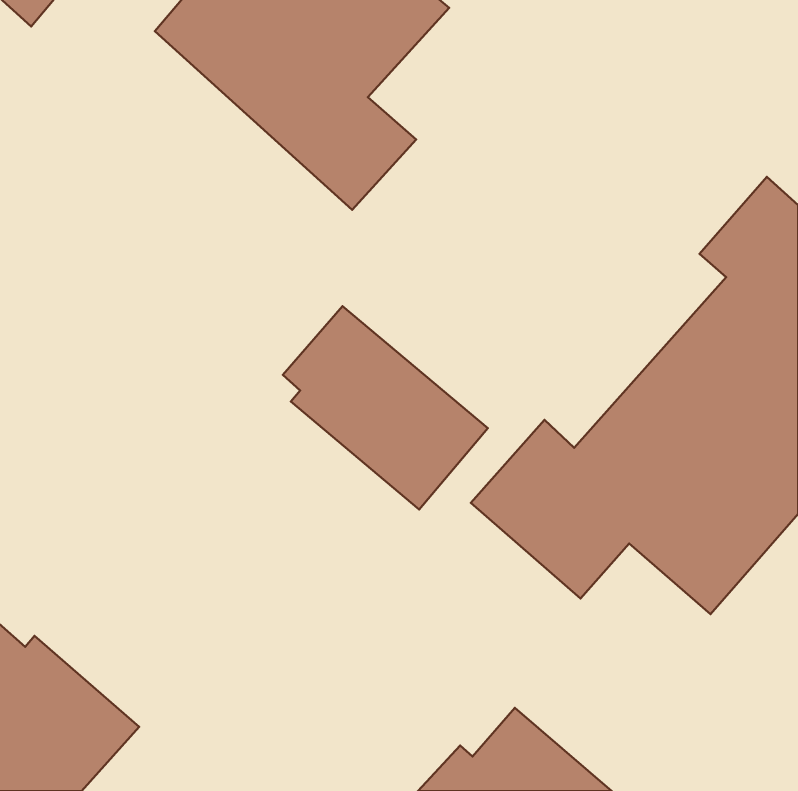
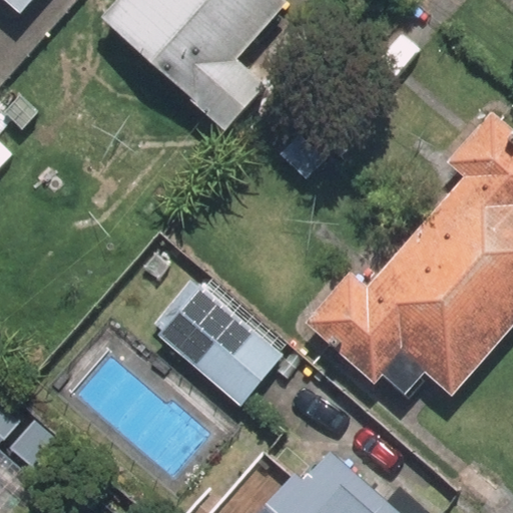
building: [283,306,488,510] -> [153,276,285,406]

